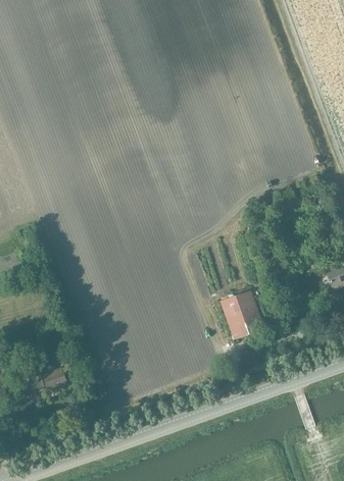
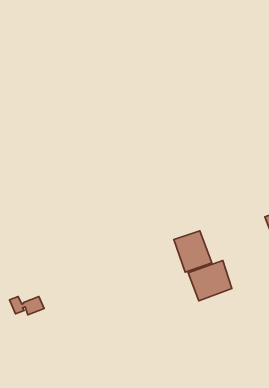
building: none -> [188,260,232,301]

